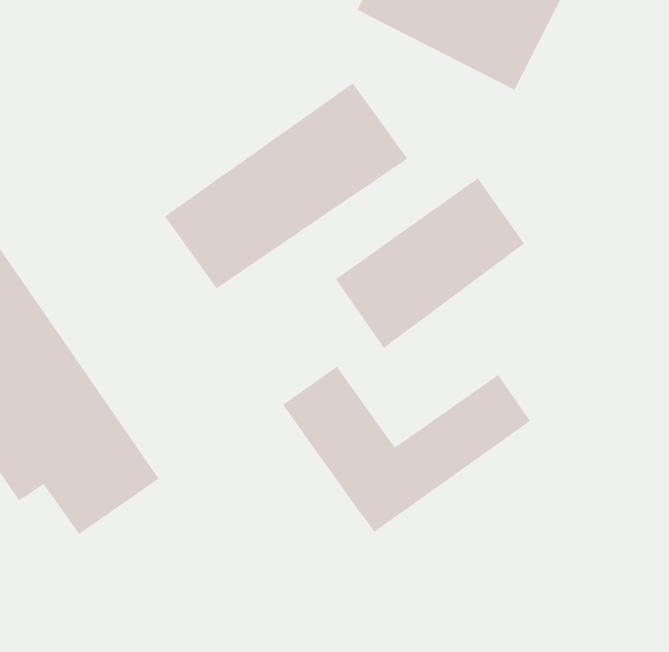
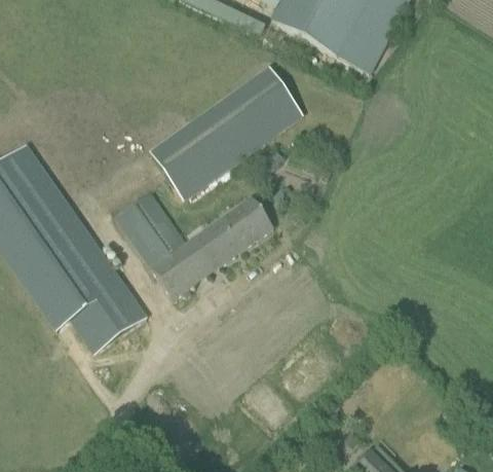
building: [335,178,525,349] -> none
building: [282,366,531,532] -> [115,191,273,297]

